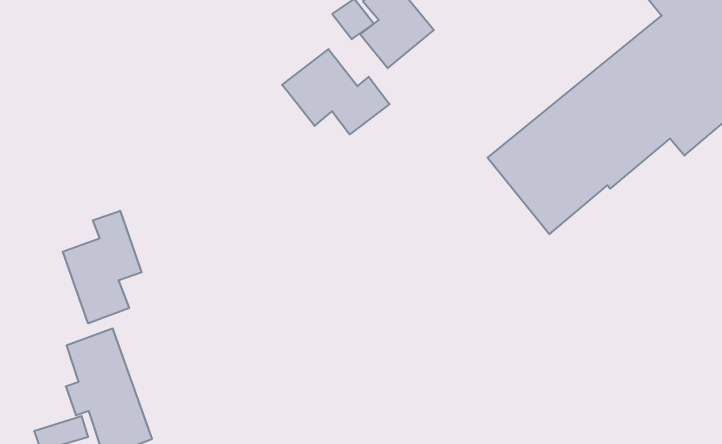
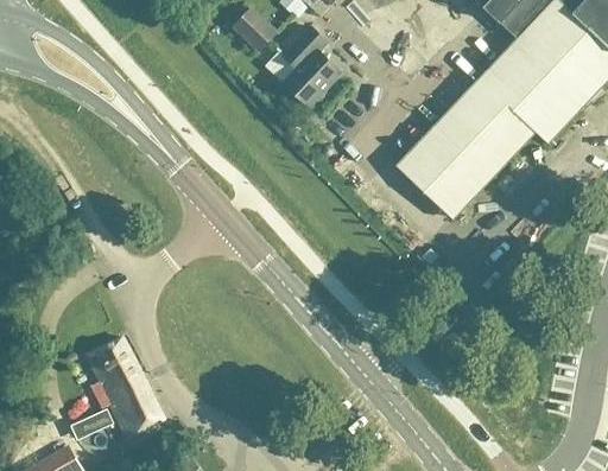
building: [282,49,390,134] -> none
building: [63,211,142,323] -> none

